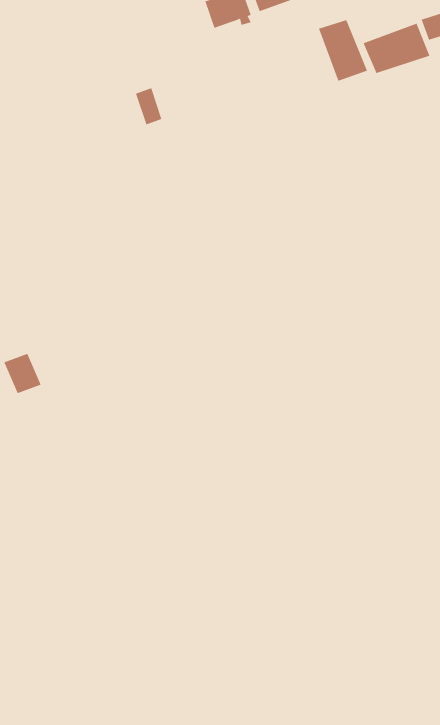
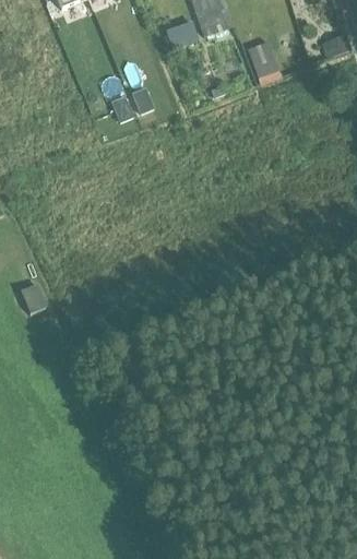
building: [363,23,430,74] -> none

